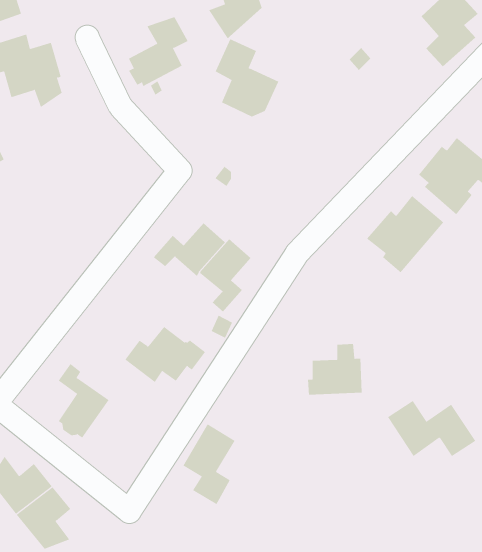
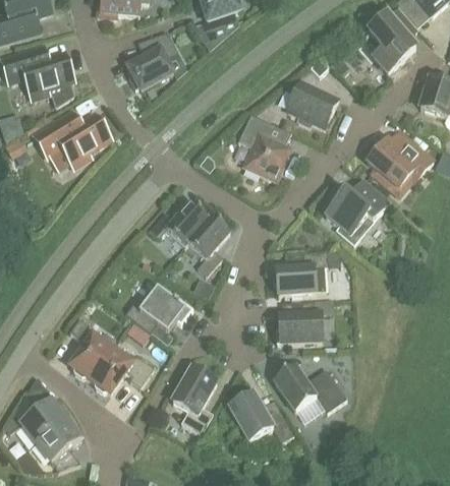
building: [215,38,279,117] -> [238,112,291,177]
building: none -> [287,78,338,126]
building: none -> [35,110,110,166]
building: none -> [273,248,328,293]
building: [387,400,476,457] -> [274,364,347,411]
building: none -> [91,347,154,392]
building: none -> [229,391,294,441]

